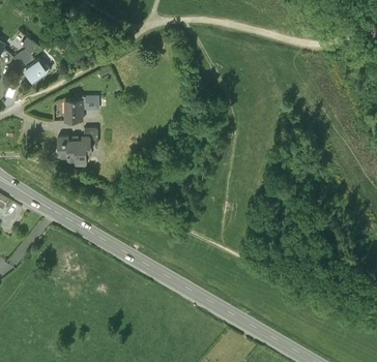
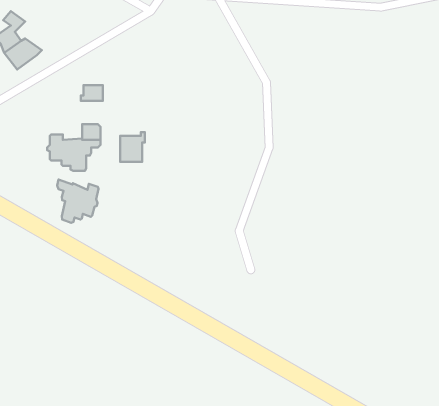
building: [65,96,85,120] -> [120,132,145,162]
building: none -> [57,180,99,223]

